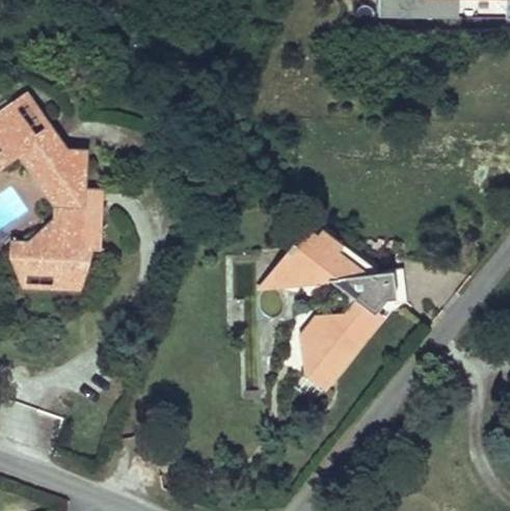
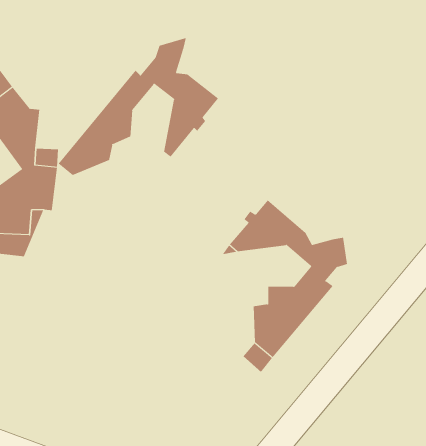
building: none -> [58,37,219,176]
building: [311,233,375,281] -> none

